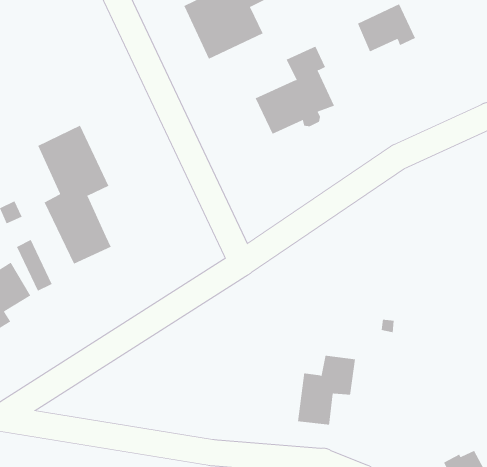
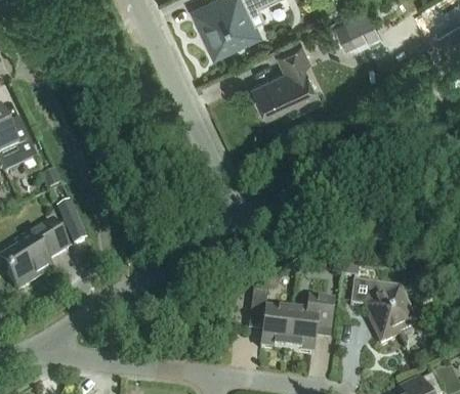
building: [37,125,111,264] -> none
building: none -> [349,279,415,343]
building: none -> [249,289,291,350]

